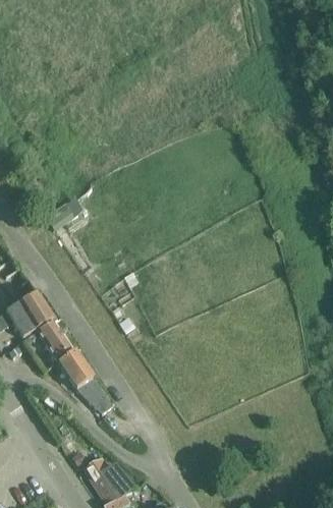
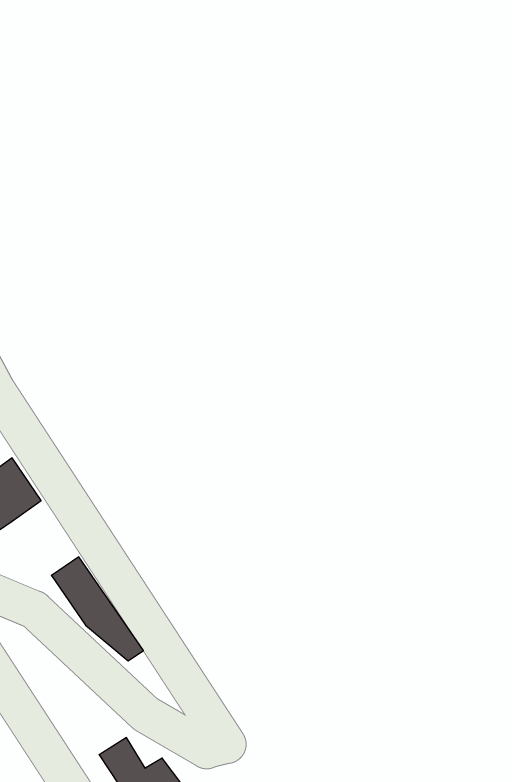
building: [36,319,73,360] -> none

